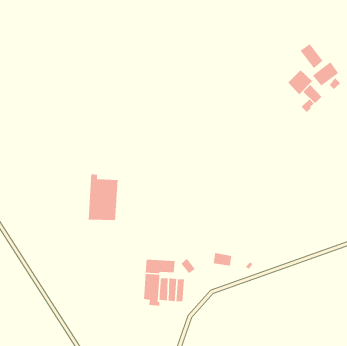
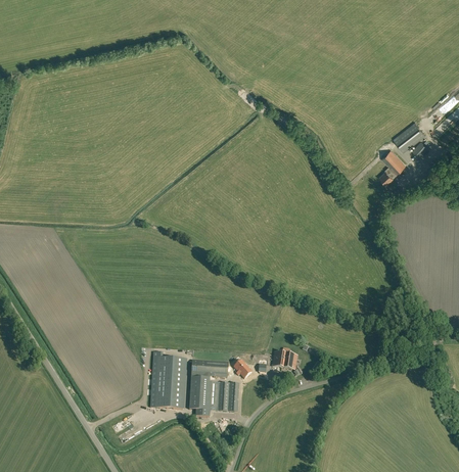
building: [299,43,324,69] -> none
building: [287,69,313,95] -> none
building: [88,173,118,221] -> [150,351,187,409]

